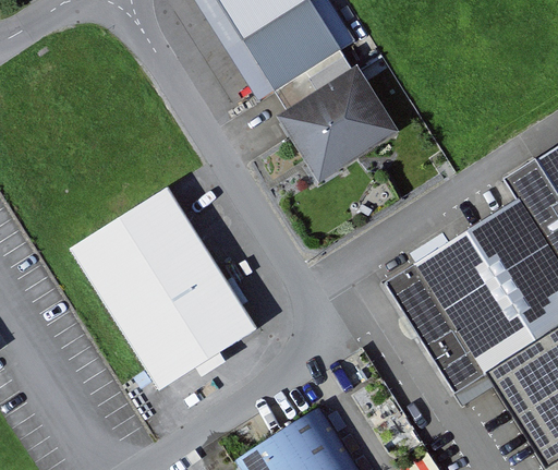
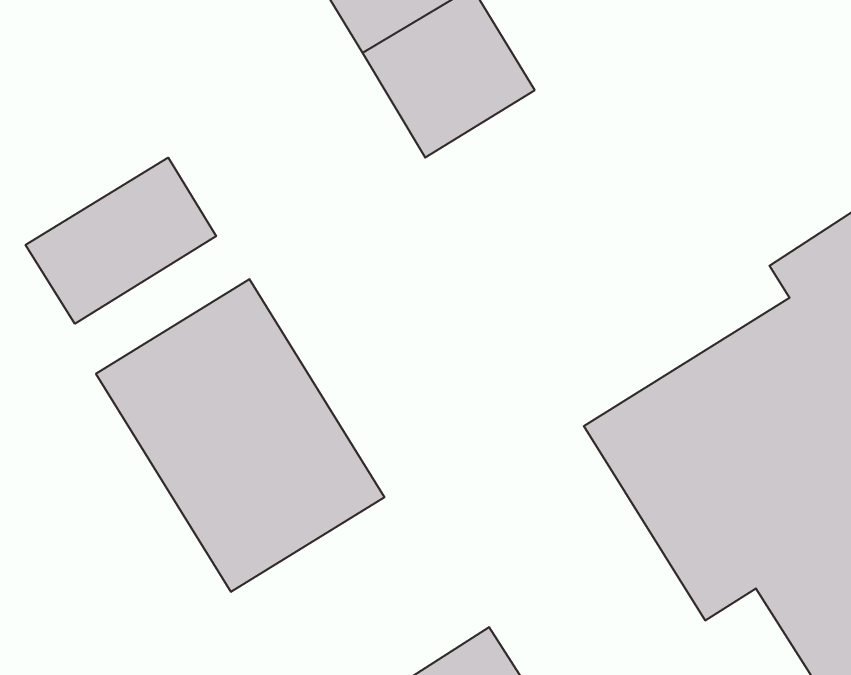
building: [274,62,404,189] -> none
building: none -> [26,158,216,324]

